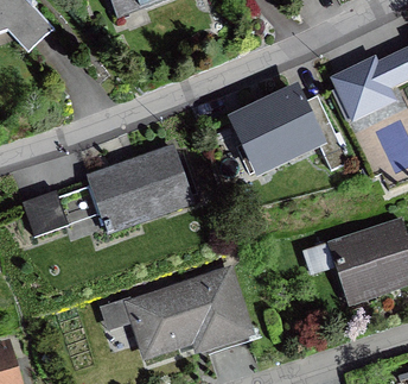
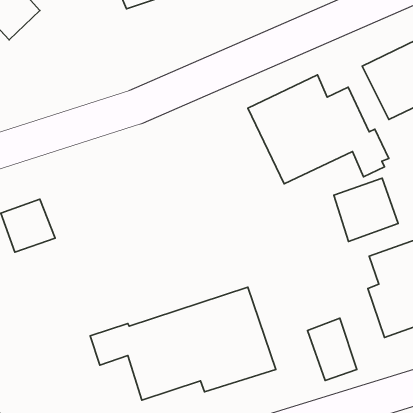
building: [84,144,195,235] -> none
building: none -> [334,178,398,242]
building: none -> [307,318,357,381]

